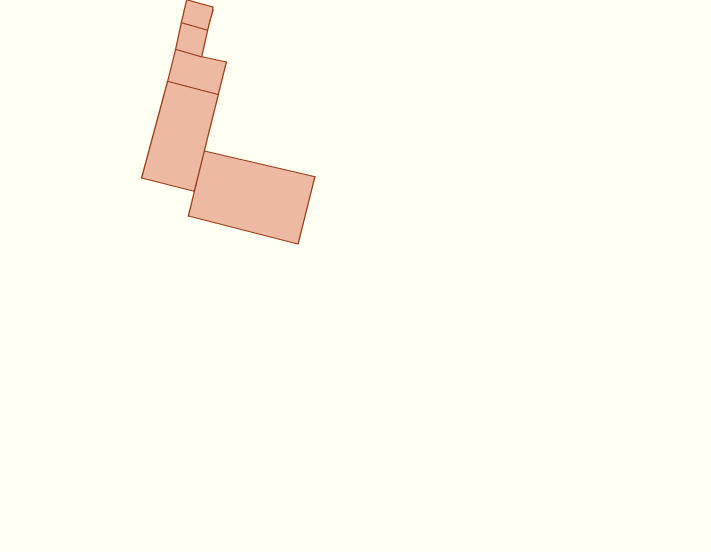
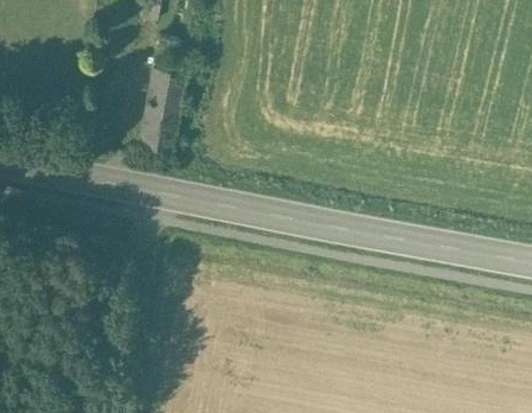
building: [188,151,315,244] -> none

